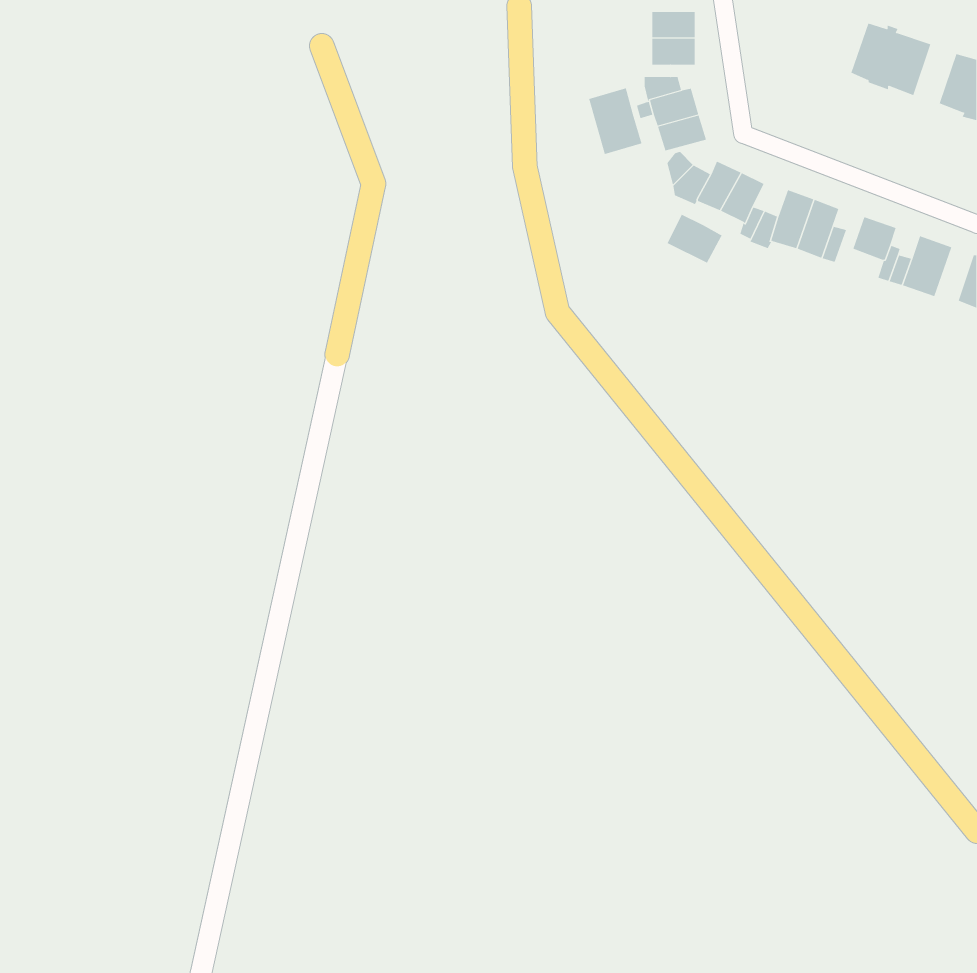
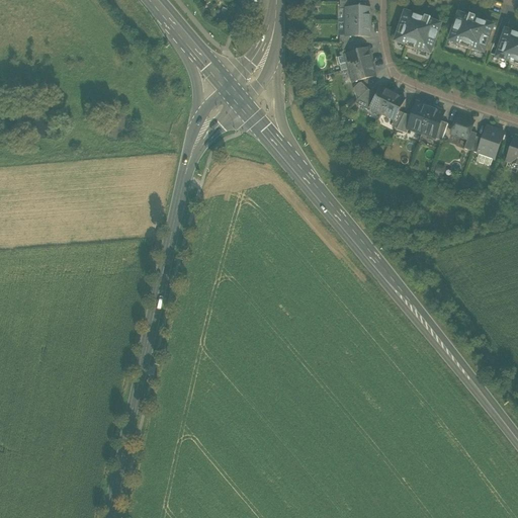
building: none -> [395,11,439,52]
building: [588,87,642,155] -> none
building: [667,214,723,264] -> none

